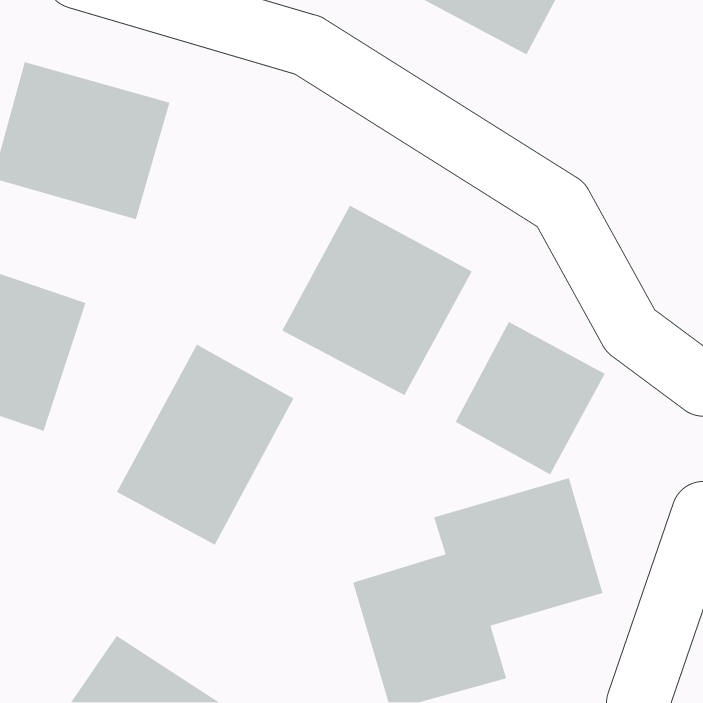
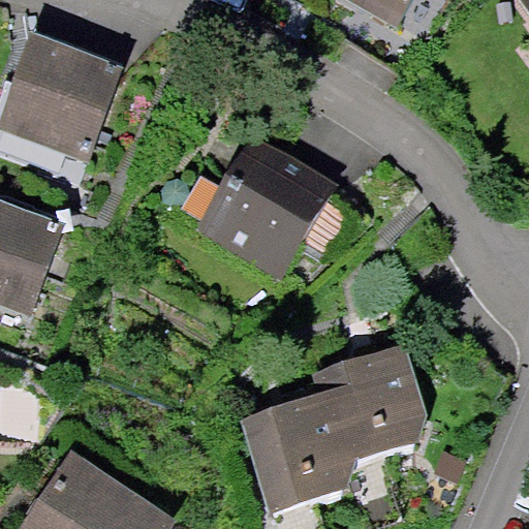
building: [454,321,606,475] -> none
building: [116,343,294,546] -> none

